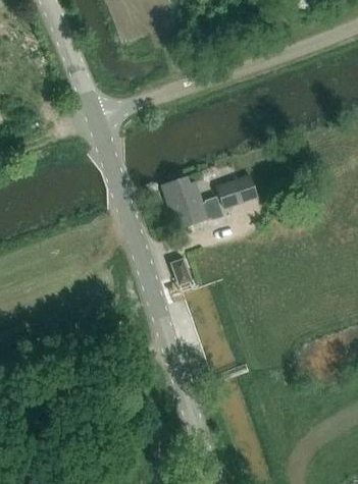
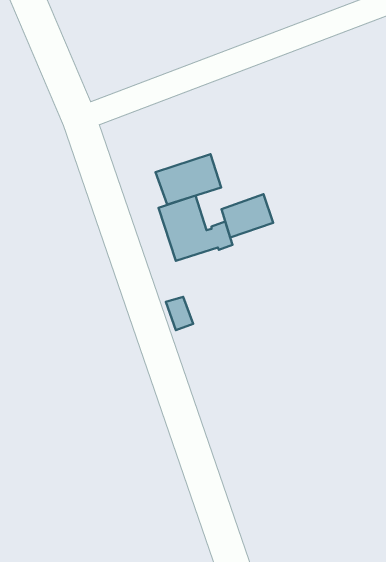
building: none -> [155,154,221,205]

